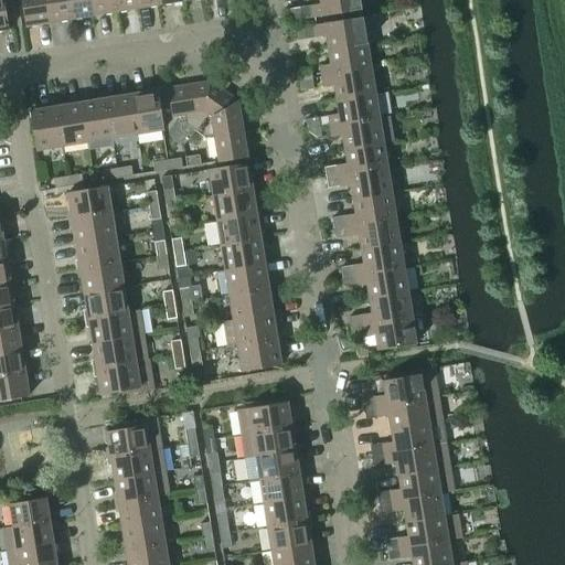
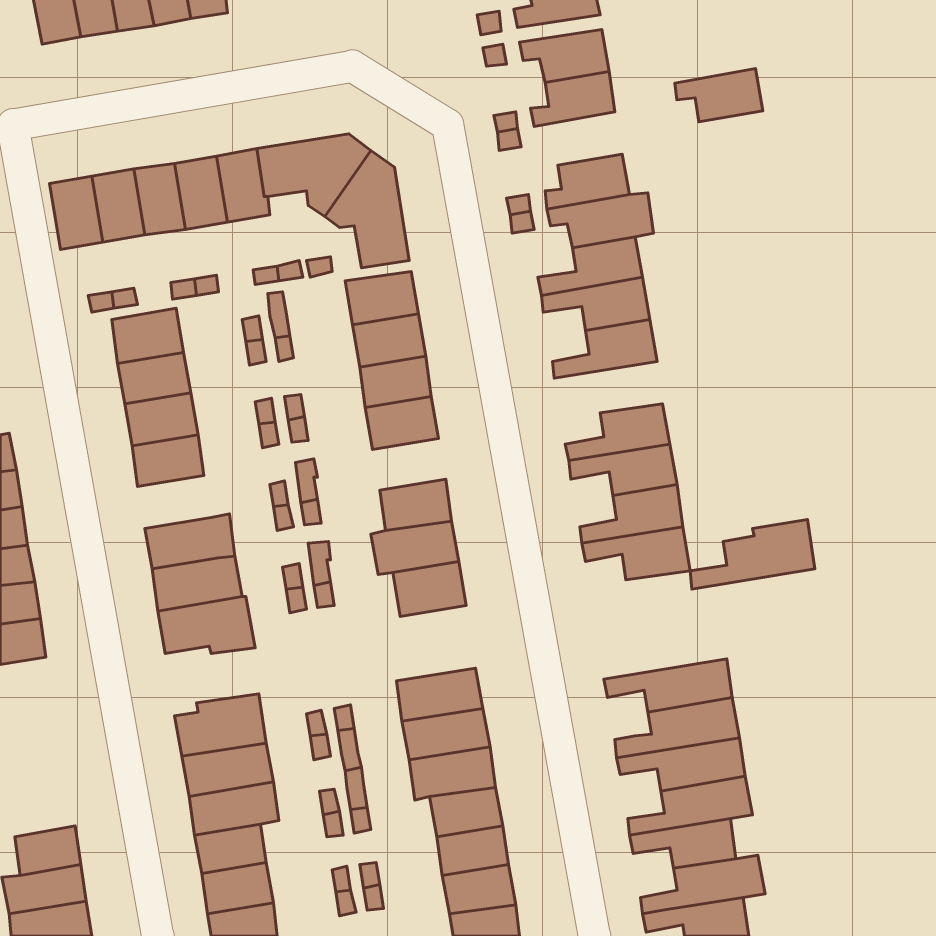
building: [322,67,375,99] -> [675,69,763,122]
building: [334,217,399,248] -> none
building: [216,264,269,296] -> none
building: [84,286,128,318] -> none
building: [363,366,438,408] -> [690,519,815,589]

